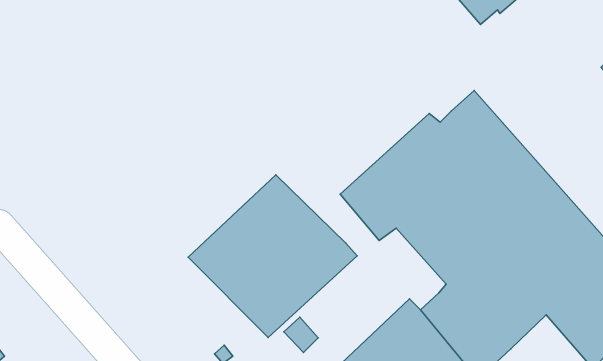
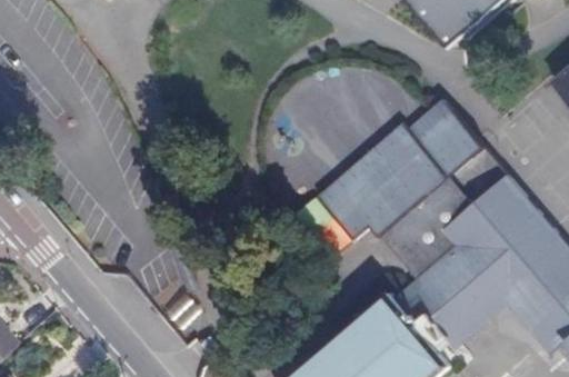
building: [188,175,357,338] -> none

